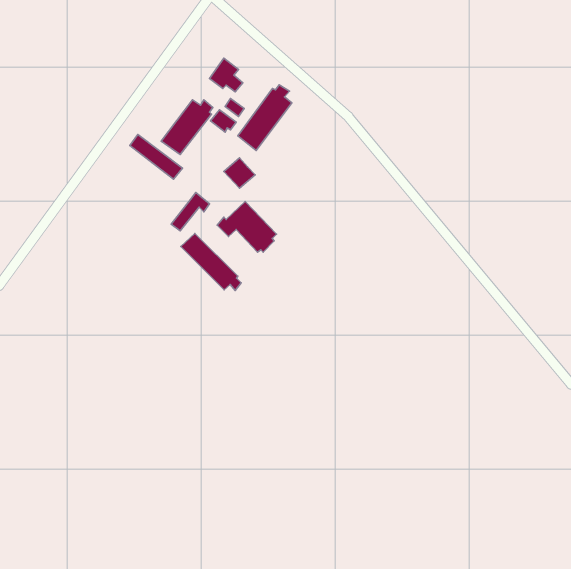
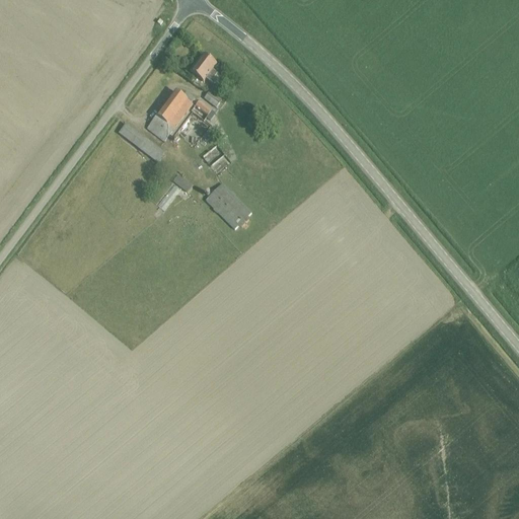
building: [238,85,292,151] -> none
building: [181,234,241,290] -> none

